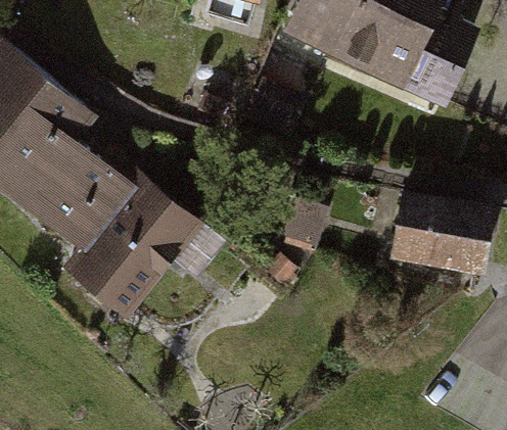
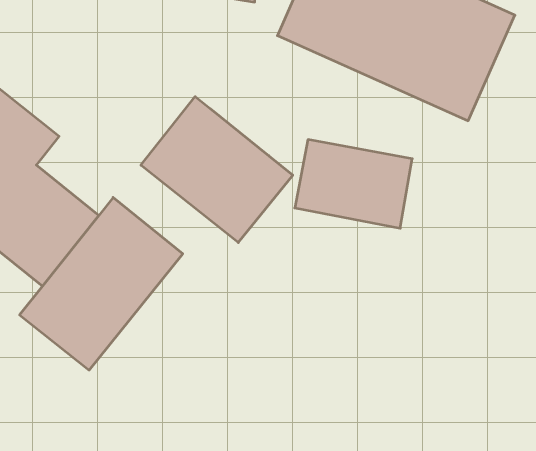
building: none -> [141,97,293,243]
building: [389,192,490,268] -> [295,140,412,228]

